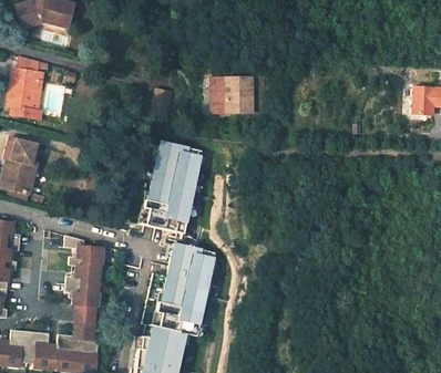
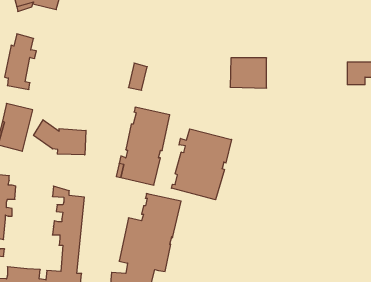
building: [211,77,254,113] -> [230,58,267,88]
building: none -> [34,120,86,155]
building: none -> [171,129,232,200]

